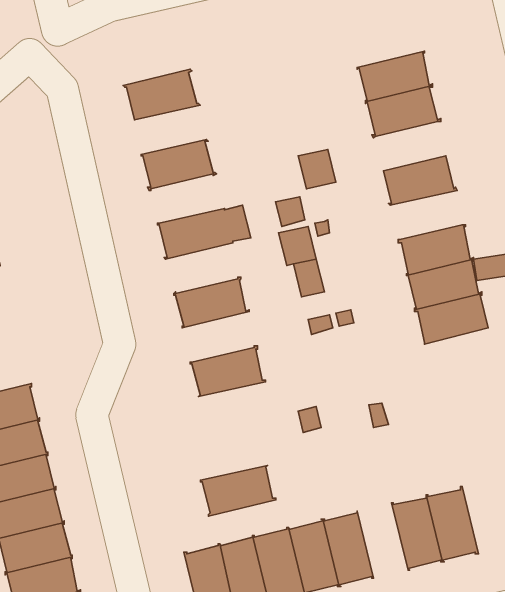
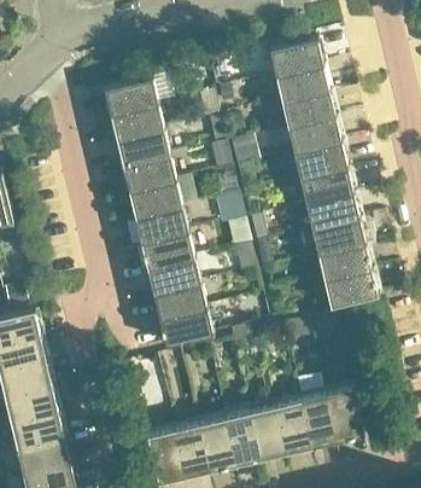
building: none -> [269,36,324,75]
building: none -> [109,103,164,139]
building: none -> [288,115,343,152]
building: none -> [123,153,177,190]
building: none -> [299,165,352,202]
building: none -> [134,204,187,242]
building: none -> [146,255,199,292]
building: none -> [323,267,379,306]
building: [200,466,276,516] -> [158,307,214,344]
building: none -> [275,396,312,452]

